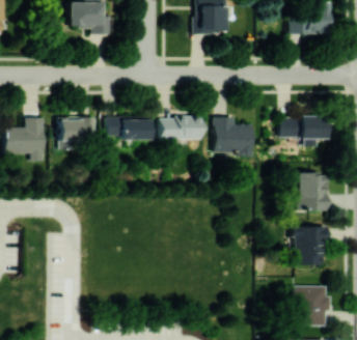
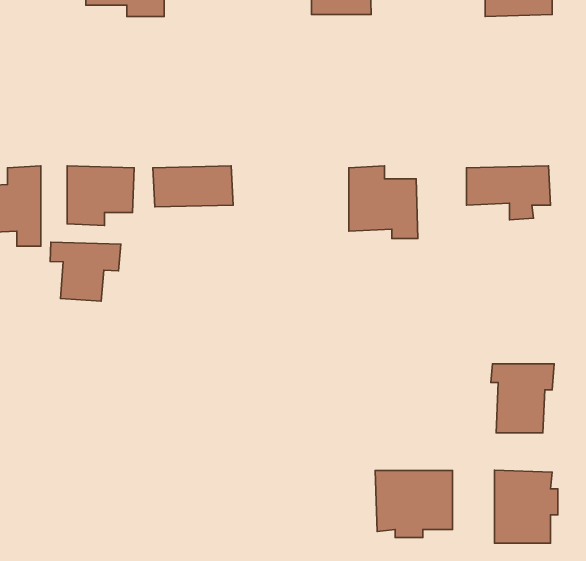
building: [161,117,203,140] -> none
building: none -> [50,242,121,301]
building: [299,173,329,211] -> none
building: none -> [375,471,453,537]

